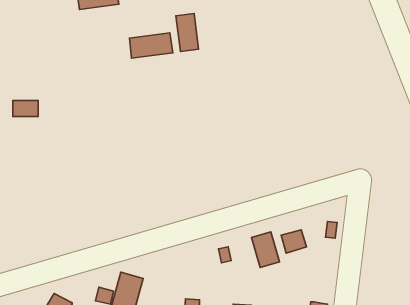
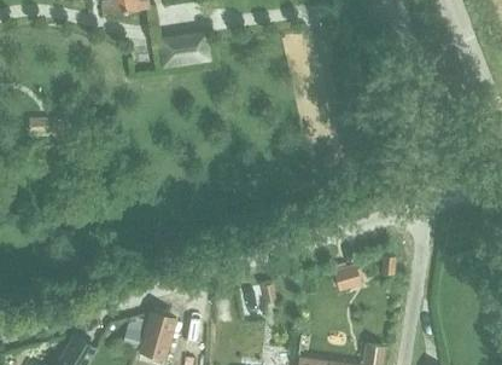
building: [176,14,199,52] -> none
building: [251,232,280,268] -> none

